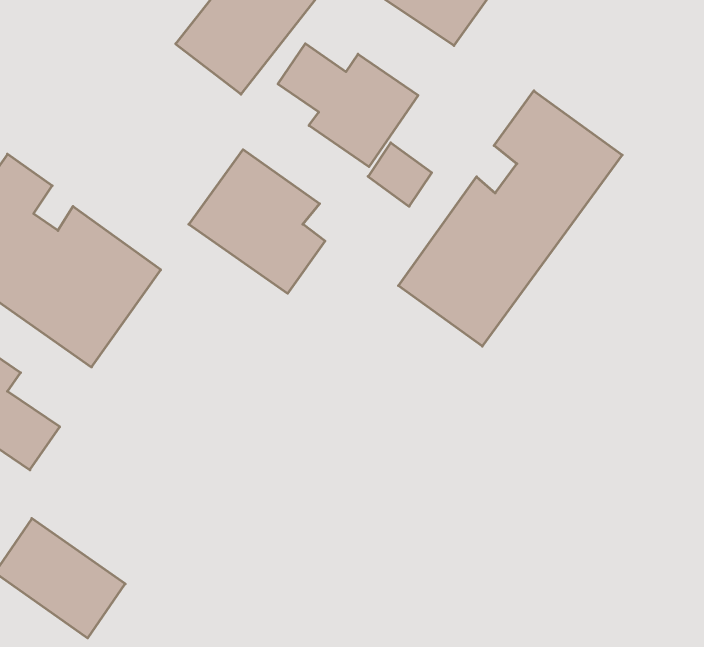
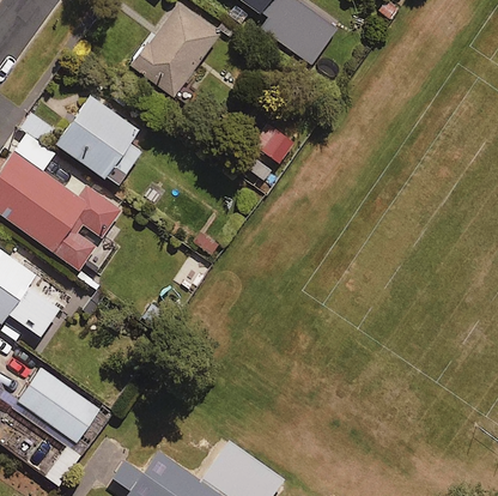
building: [278,44,418,167] -> none
building: [398,91,622,346] -> none
building: [189,150,325,293] -> [53,93,140,186]

